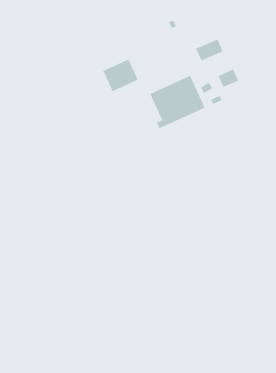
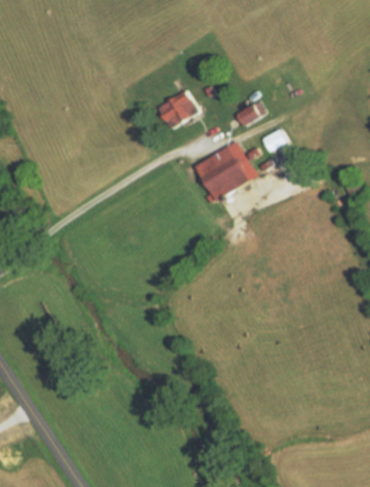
building: [103,59,139,92] -> [158,90,197,127]

